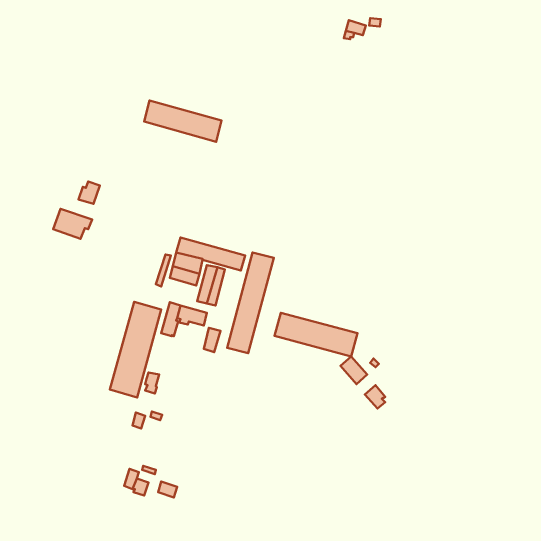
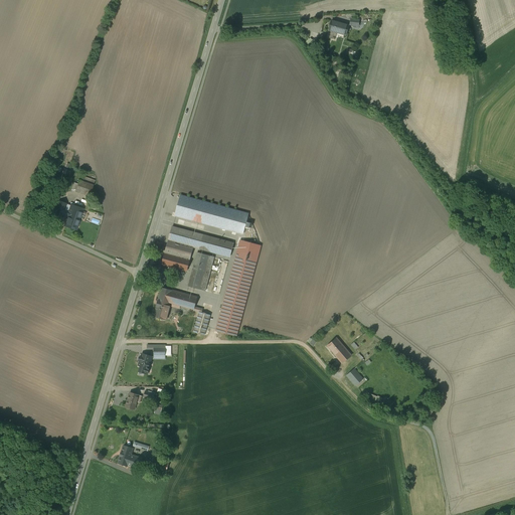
building: [144,100,222,142] -> [174,194,247,233]
building: [110,302,161,397] -> none
building: [274,313,358,356] -> none

